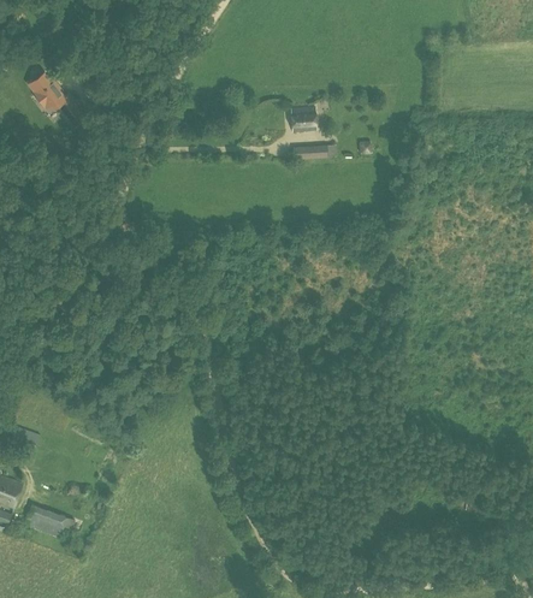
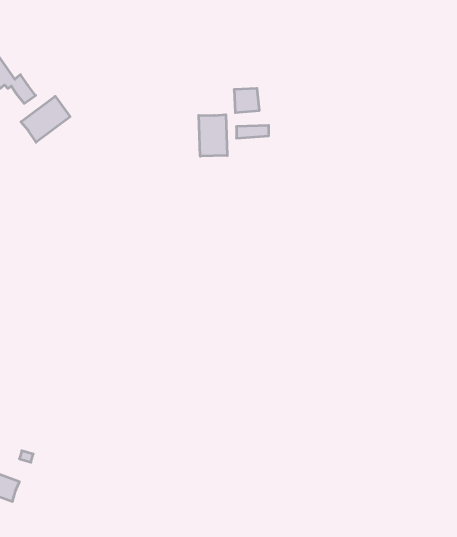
building: none -> [21,96,70,142]
building: none -> [199,115,227,156]

